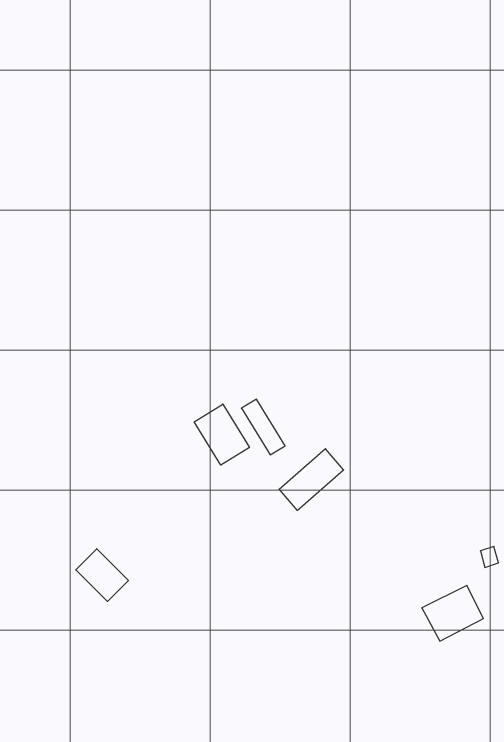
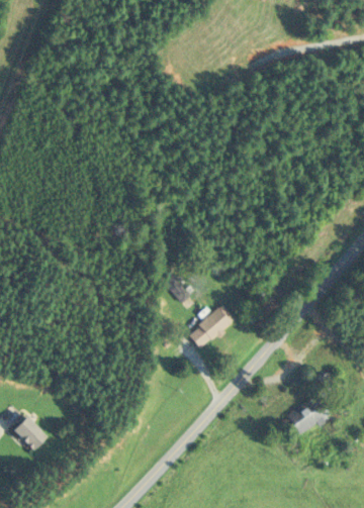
building: [194,404,249,465] -> none
building: [76,549,128,601] -> [12,416,48,451]

